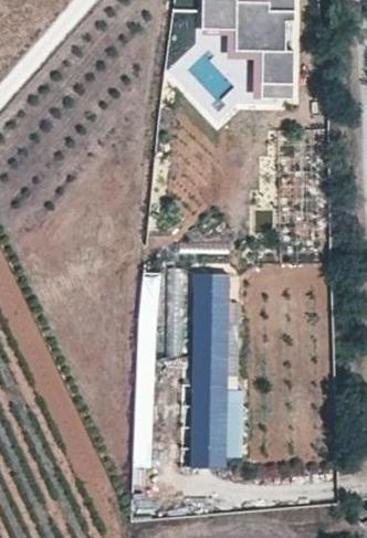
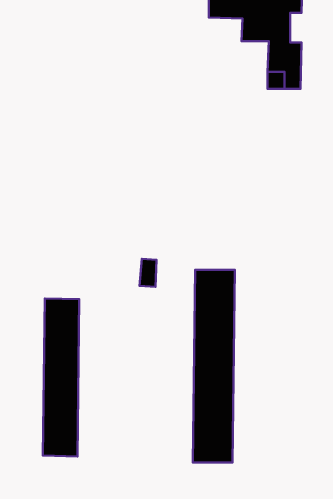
building: none -> [43,298,79,456]

